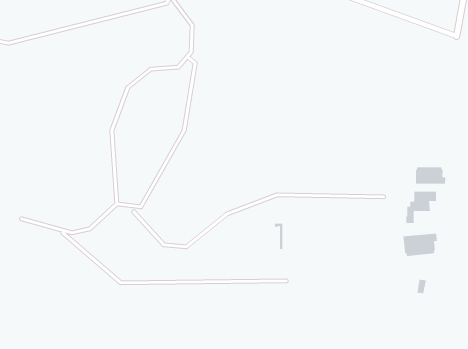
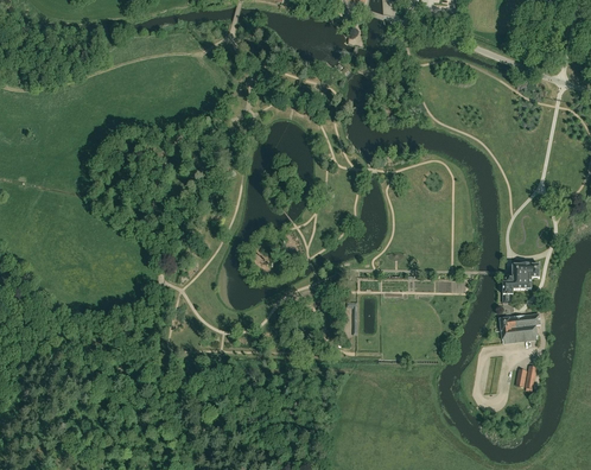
building: [415,167,446,185] -> none

